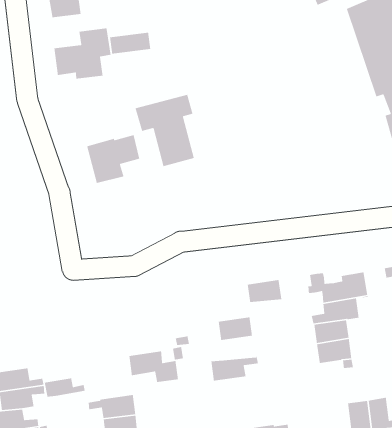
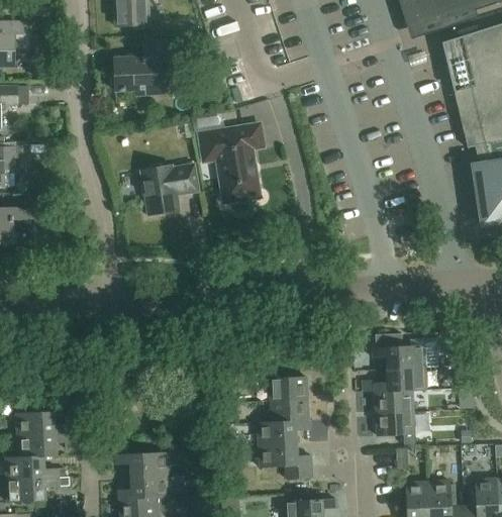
building: [109,32,151,54] -> none
building: [247,279,282,303] -> [270,399,307,422]
building: [128,351,179,383] -> [258,443,311,479]
building: [44,377,86,398] -> none

